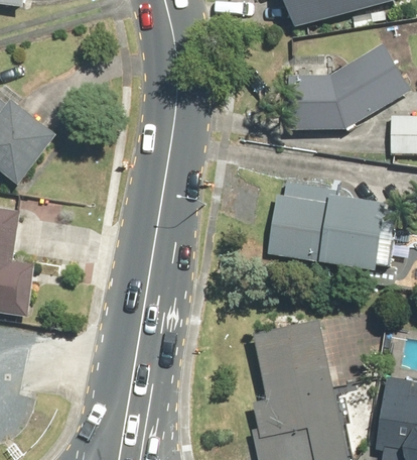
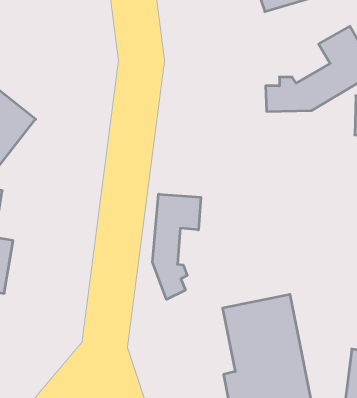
building: [269,182,385,269] -> none
building: none -> [152,194,201,299]

